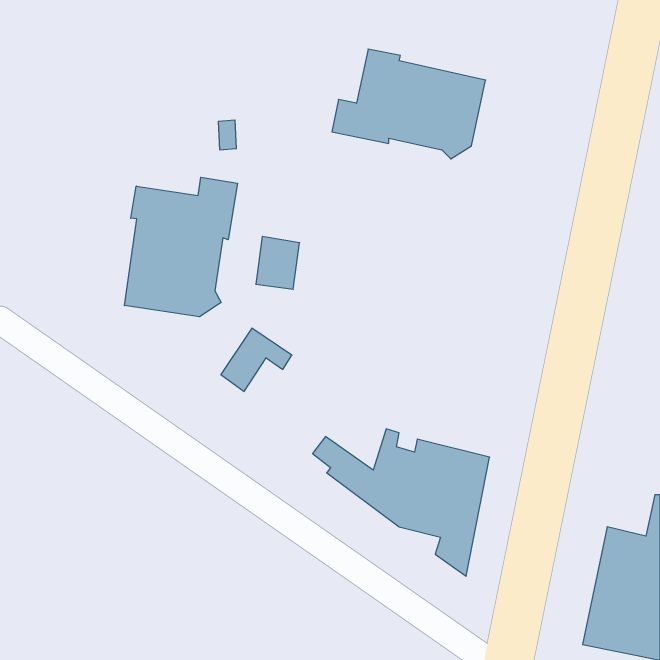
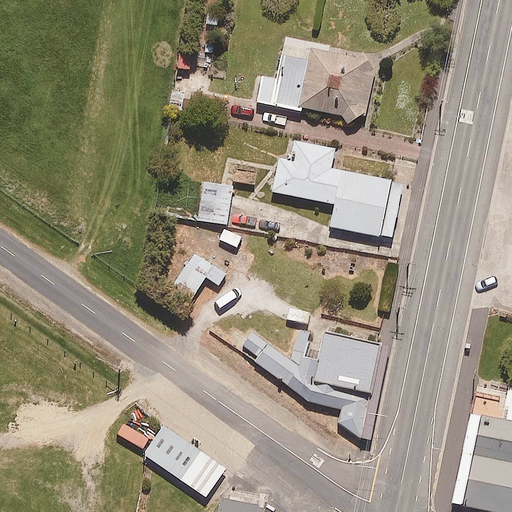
building: [124,177,237,317] -> none
building: none -> [273,142,403,239]
building: none -> [141,421,226,495]

